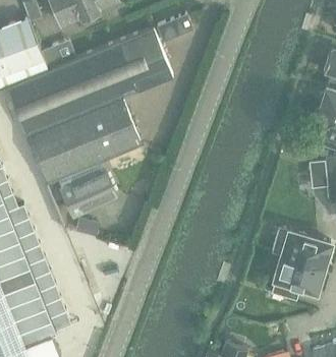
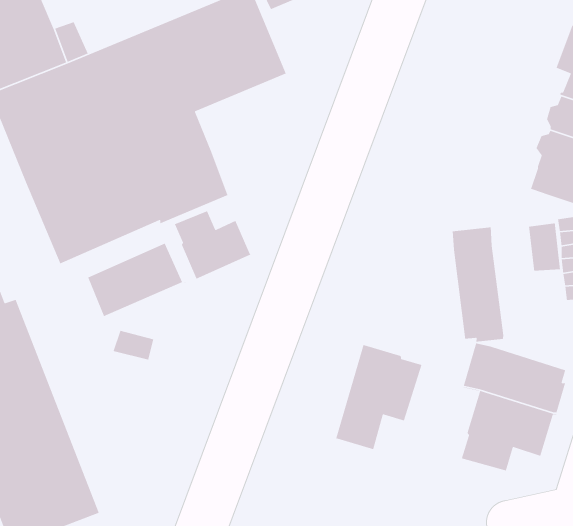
building: none -> [174,210,254,284]
building: none -> [452,227,504,342]
building: none -> [333,323,423,450]

